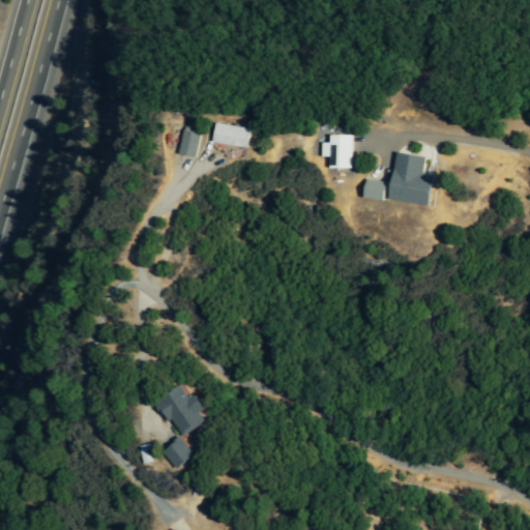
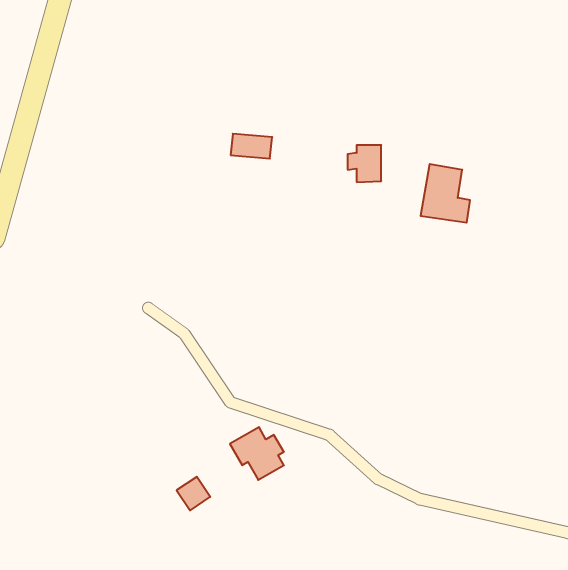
building: [180,128,202,157] -> none
building: [361,178,386,200] -> none
building: [155,387,205,436] -> [230,427,284,480]

